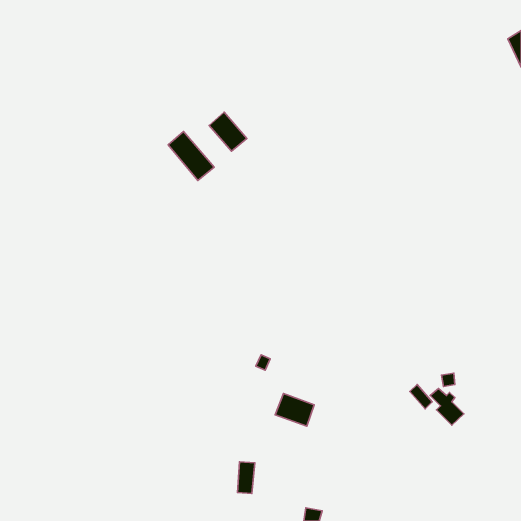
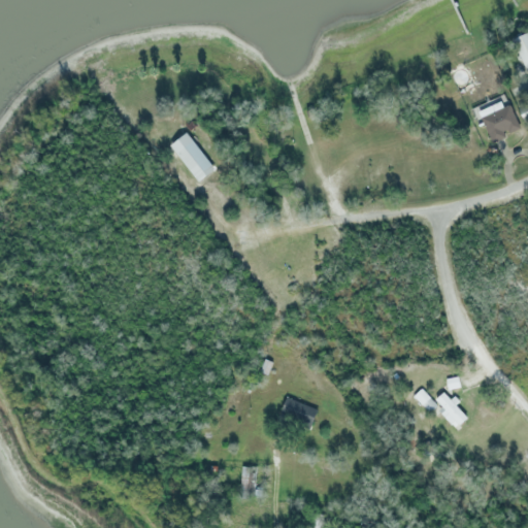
building: none -> [476,94,518,139]
building: [209,112,247,151] -> none

